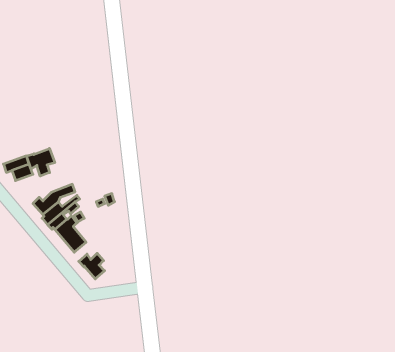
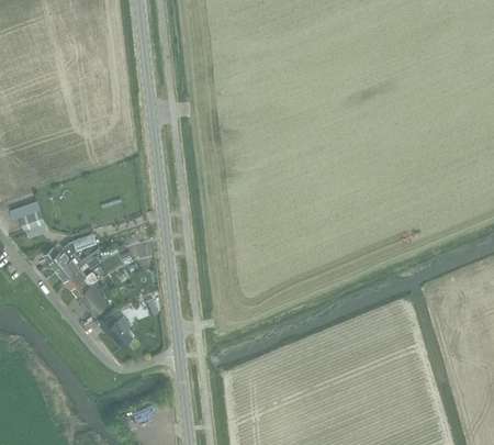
building: [26,148,55,176] -> none

